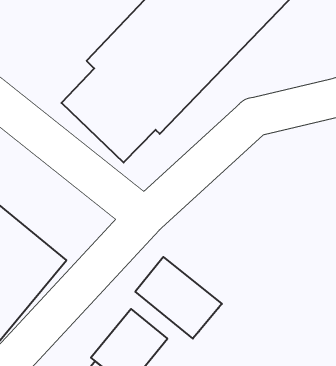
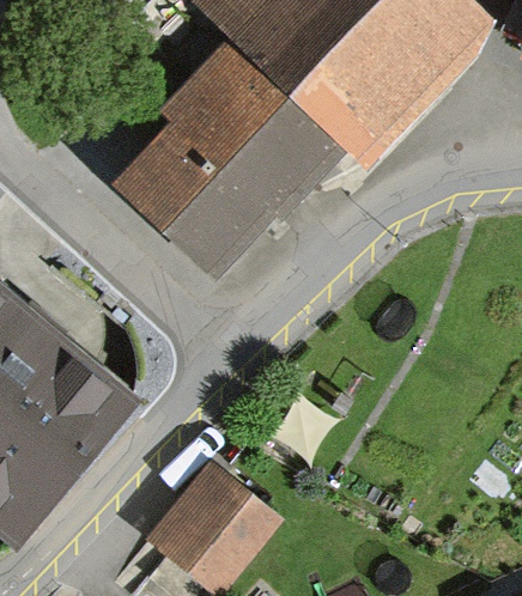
building: [135,257,222,339] -> none

